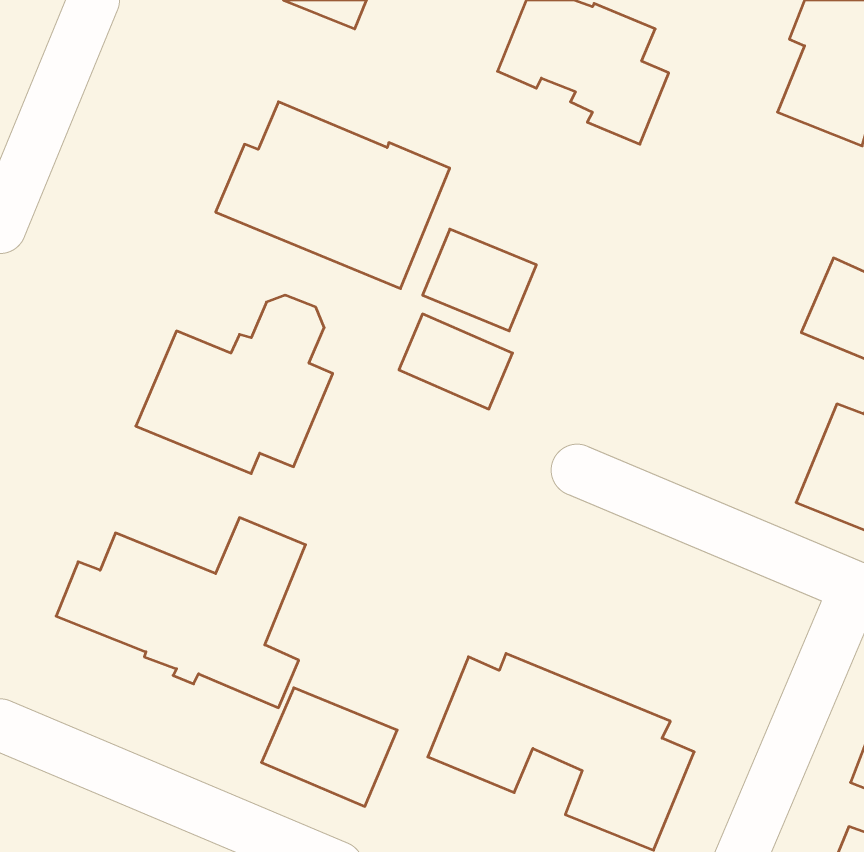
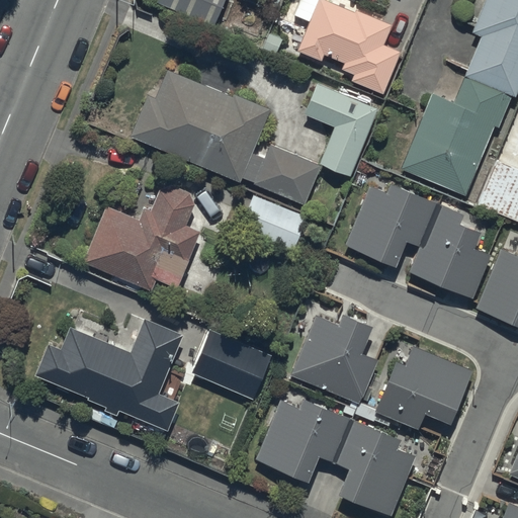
building: none -> [402,79,512,196]
building: none -> [305,84,377,176]
building: none -> [345,183,491,298]
building: none -> [291,314,378,405]
building: none -> [375,348,472,429]
building: [261,688,397,806] -> [192,331,273,402]

